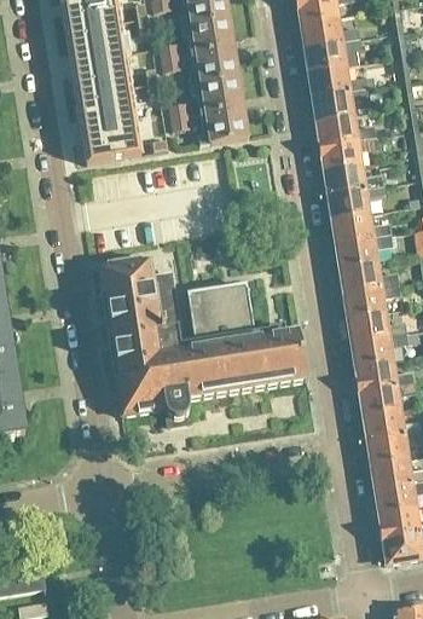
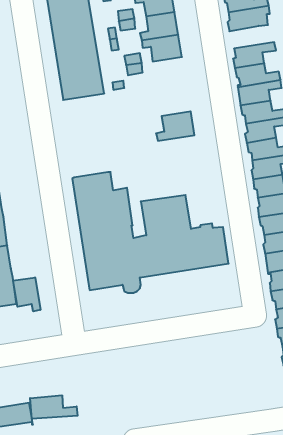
building: [307,64,366,94] -> none
building: [198,105,249,144] -> [156,111,194,141]
building: none -> [13,277,40,311]
building: none -> [30,395,78,419]

